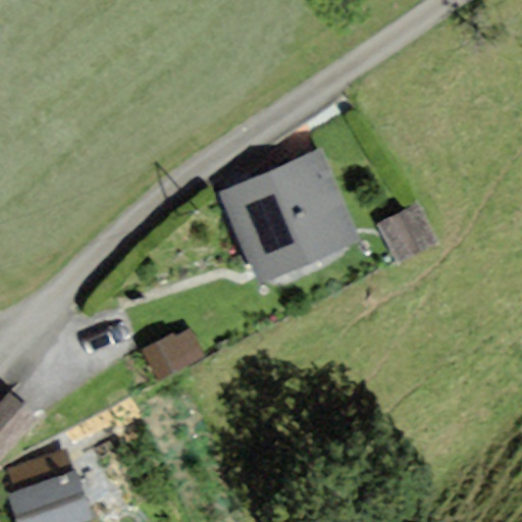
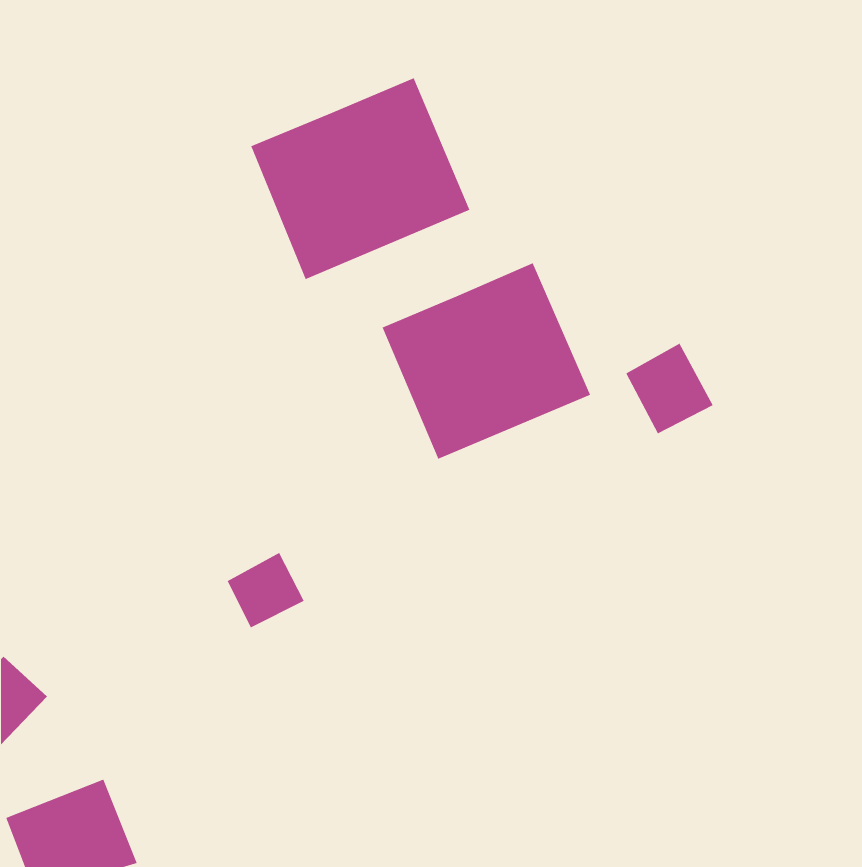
building: none -> [250,77,470,280]

